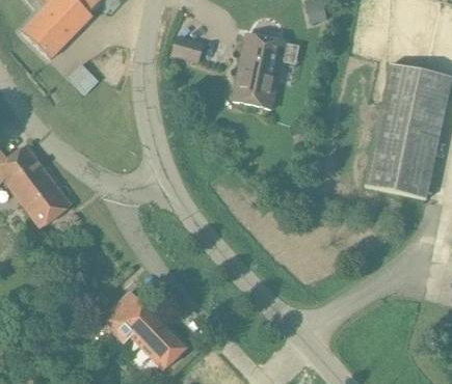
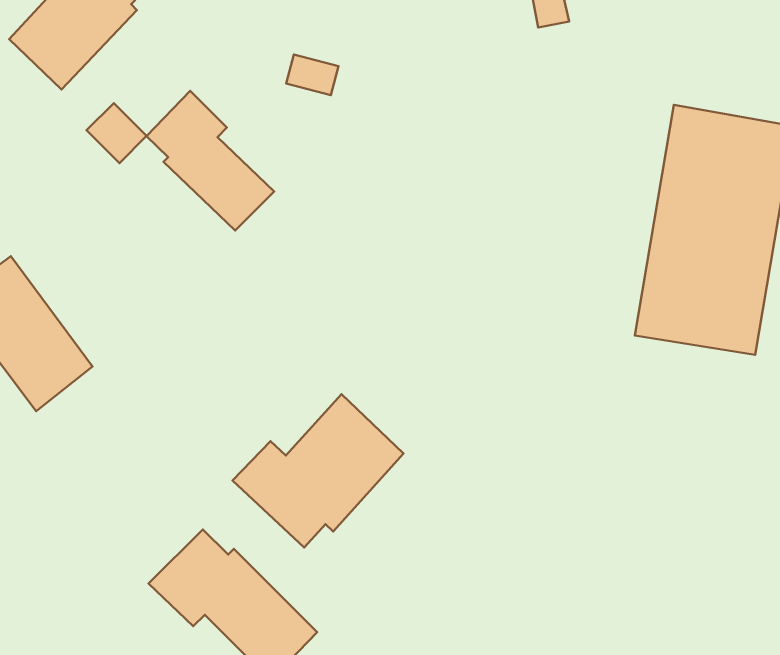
building: [235,36,300,108] -> none
building: none -> [147,91,274,231]
building: none -> [232,394,404,548]

